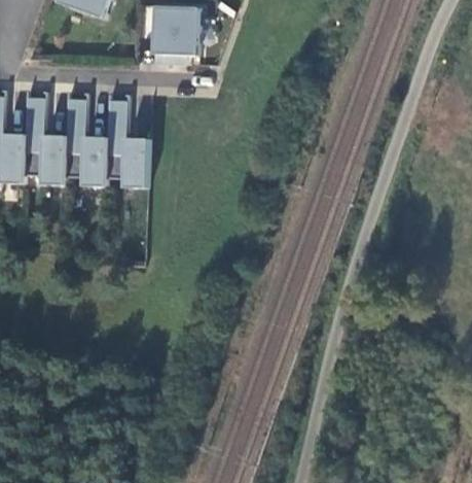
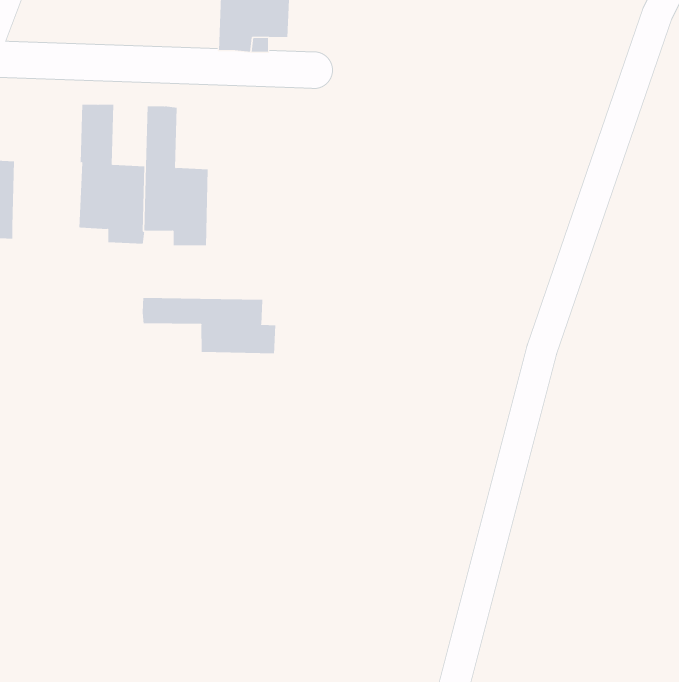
building: [24,95,67,184] -> none
building: none -> [142,297,276,354]

